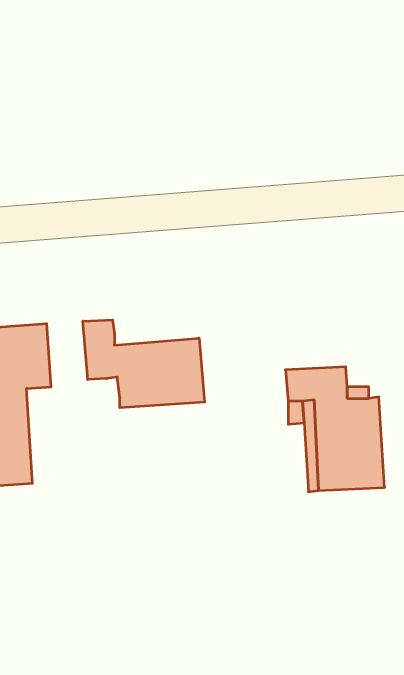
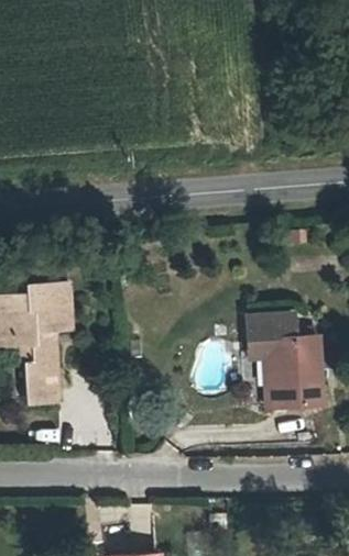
building: [83,320,205,408] -> none

